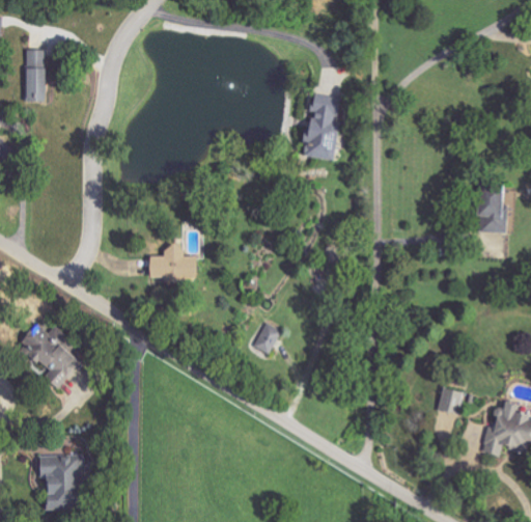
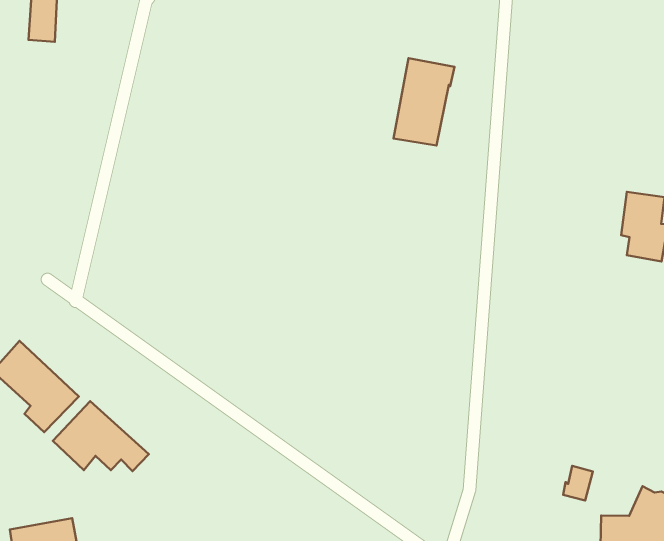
building: [147,244,193,281] -> none
building: [253,321,282,354] -> none
building: none -> [53,401,149,471]

